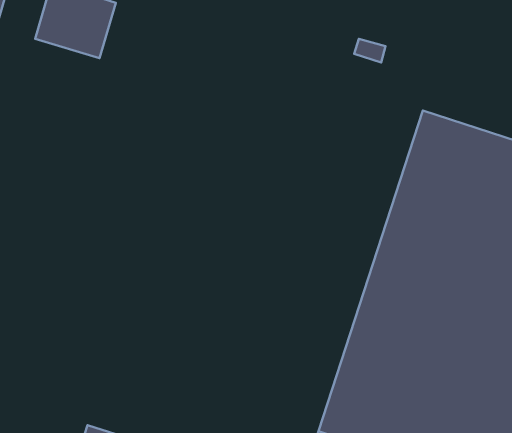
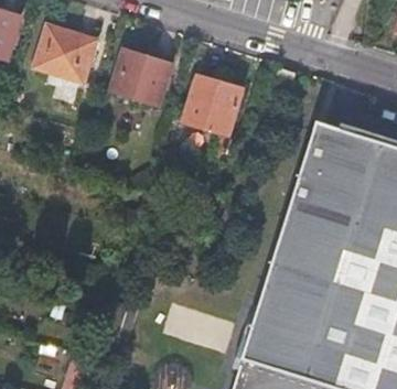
building: none -> [111,46,171,104]
building: none -> [184,73,242,163]

